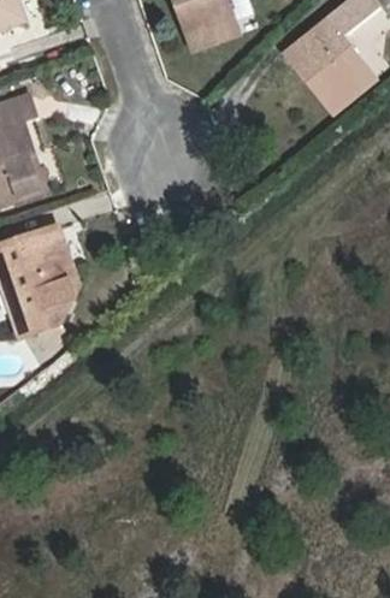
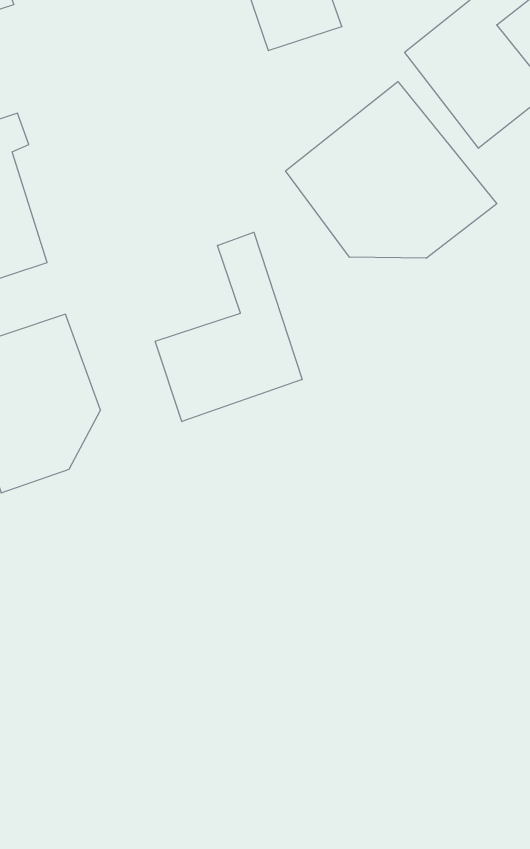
building: none -> [286,82,497,258]
building: none -> [155,232,302,422]

